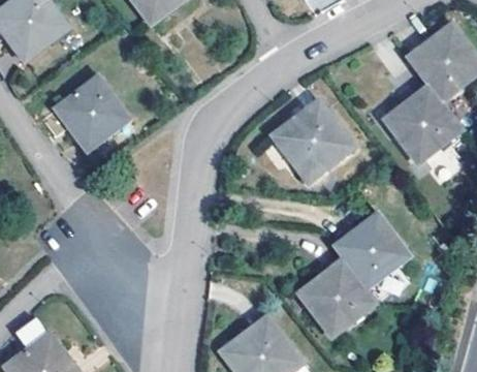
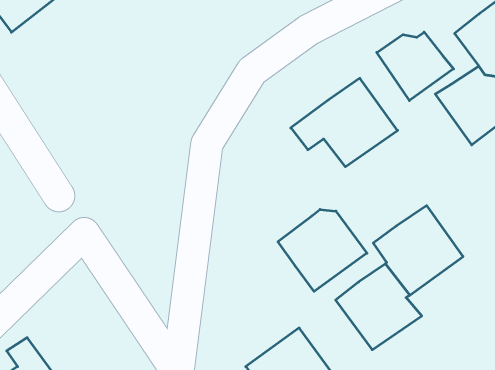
building: none -> [377,32,454,101]
building: [41,73,125,147] -> none
building: none -> [278,209,367,291]

